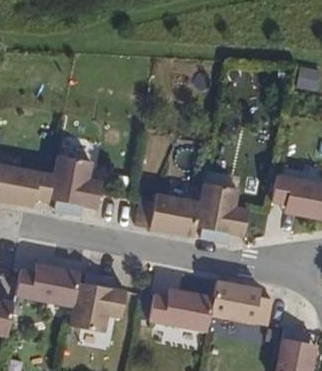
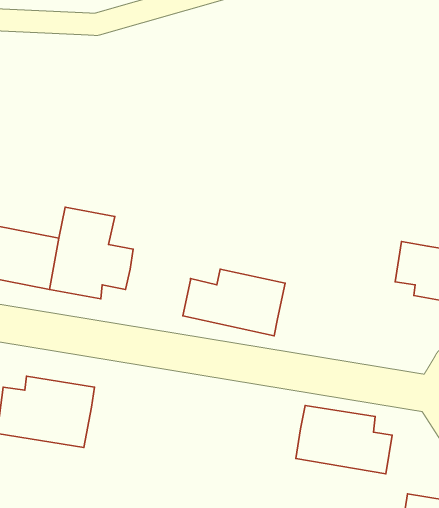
building: [196,177,250,235] -> none
building: [69,282,127,332] -> none
building: [150,289,211,329] -> none

